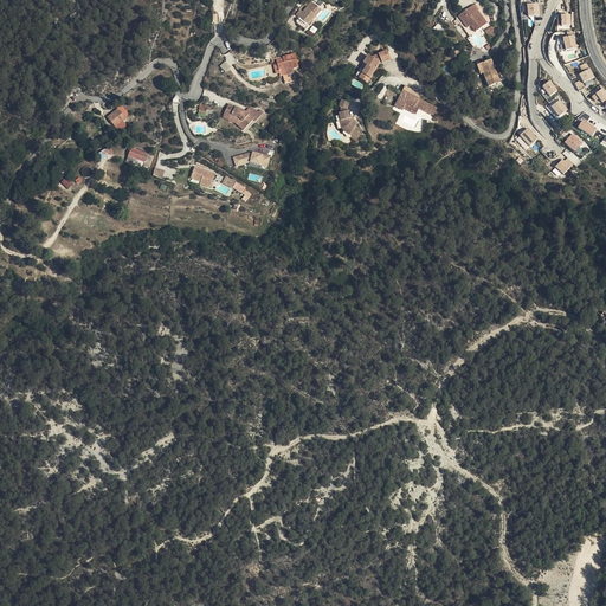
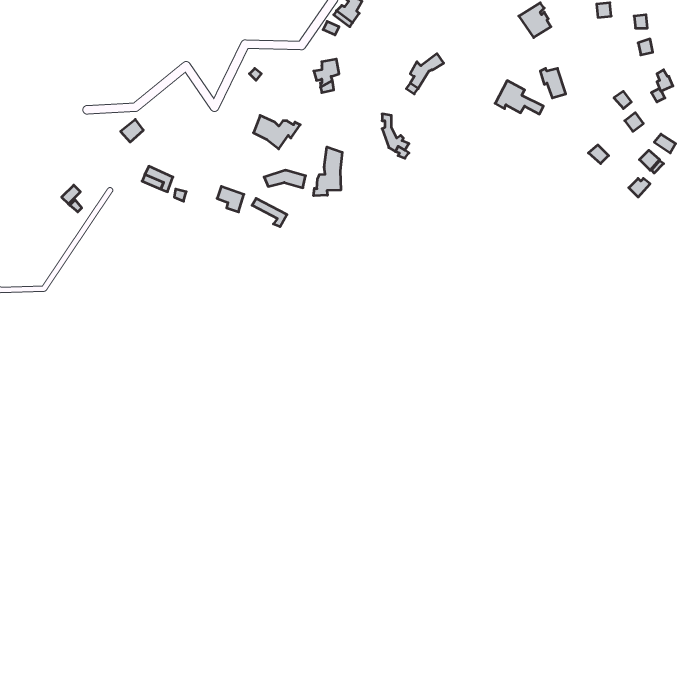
building: [394,84,437,114] -> [495,81,543,114]
building: none -> [314,147,342,196]

